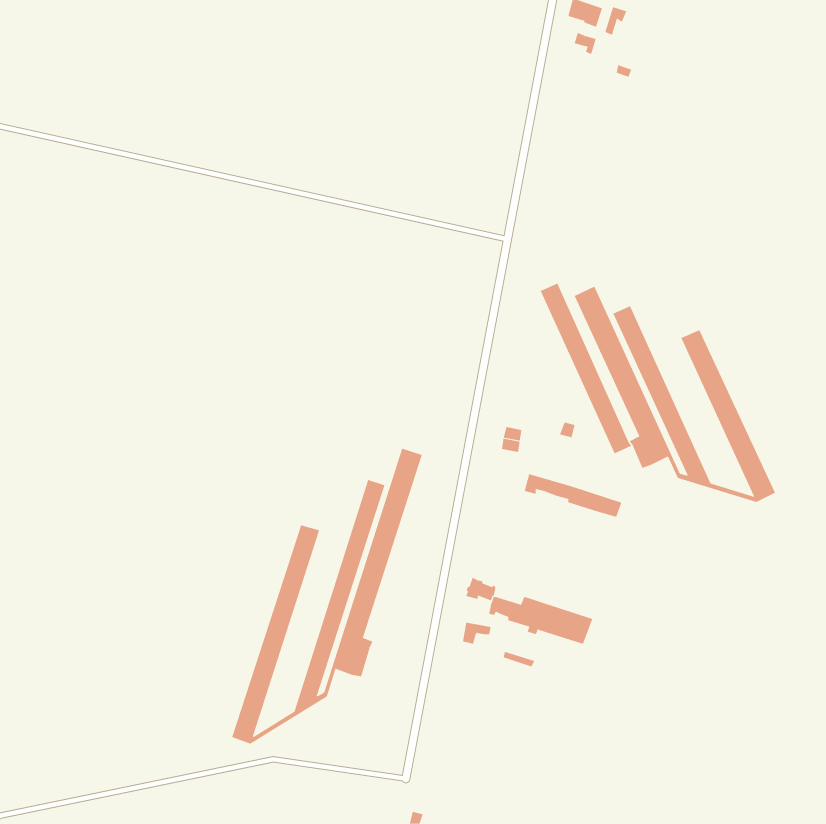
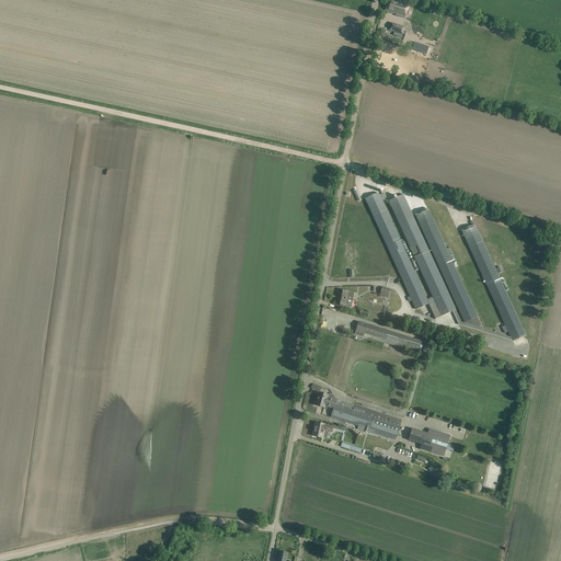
building: [231,448,423,745] -> none
building: none -> [409,430,449,456]

